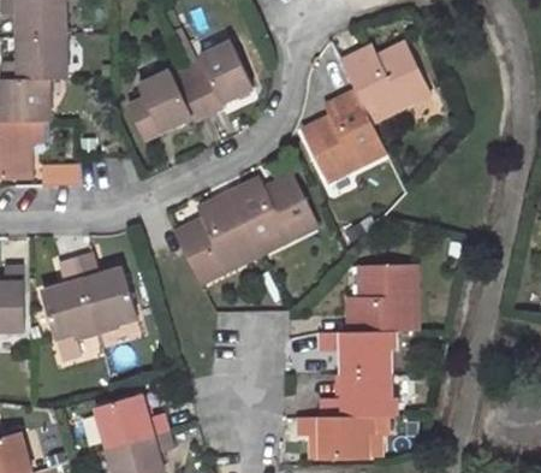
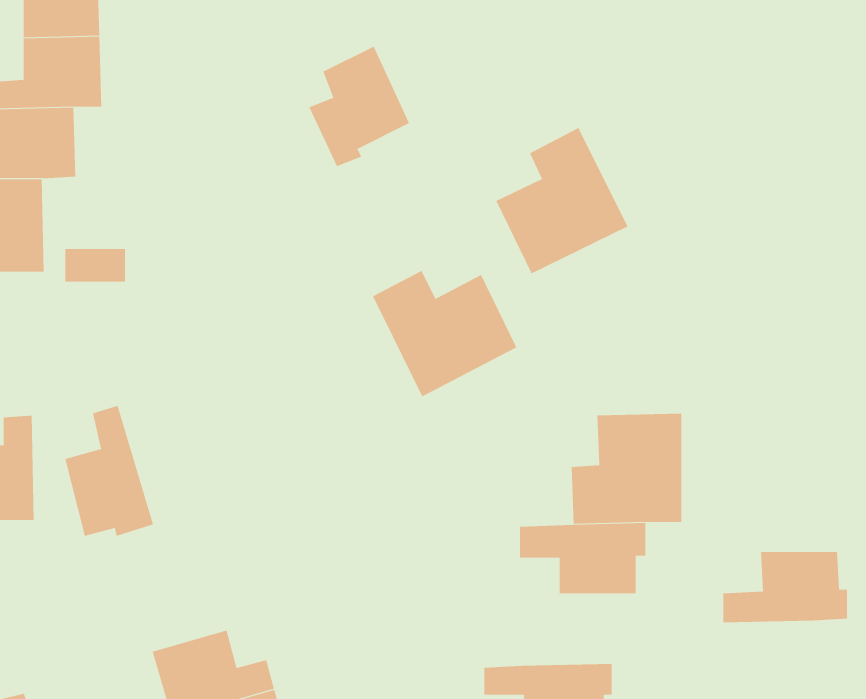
building: [340,45,429,122] -> none
building: [138,71,208,131] -> none
building: [177,193,260,283] -> none
building: [76,253,137,331] -> none
building: [320,373,396,416] -> [723,551,848,623]

